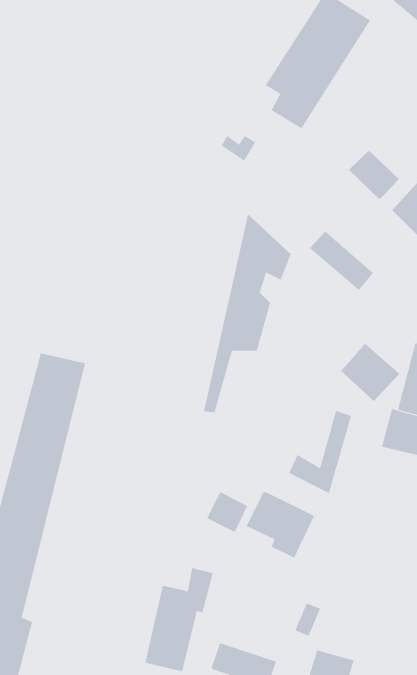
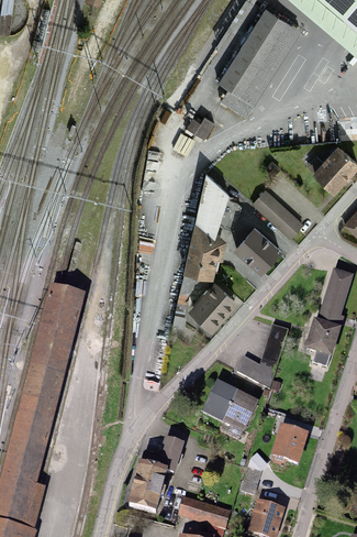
building: [348,150,400,200] -> none
building: [340,343,400,402] -> [236,230,281,274]
building: none -> [189,284,237,332]
building: [207,491,248,533] -> none
building: none -> [271,428,306,468]

